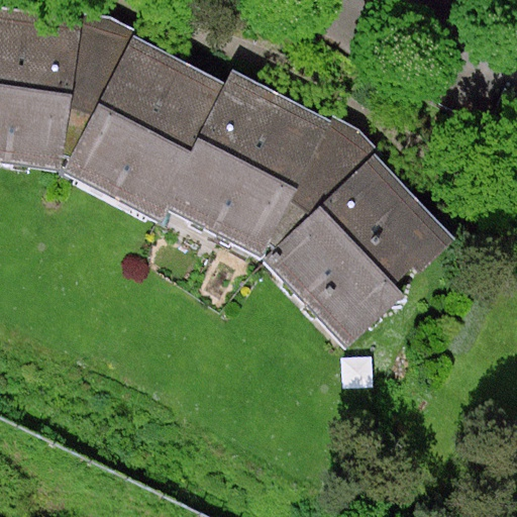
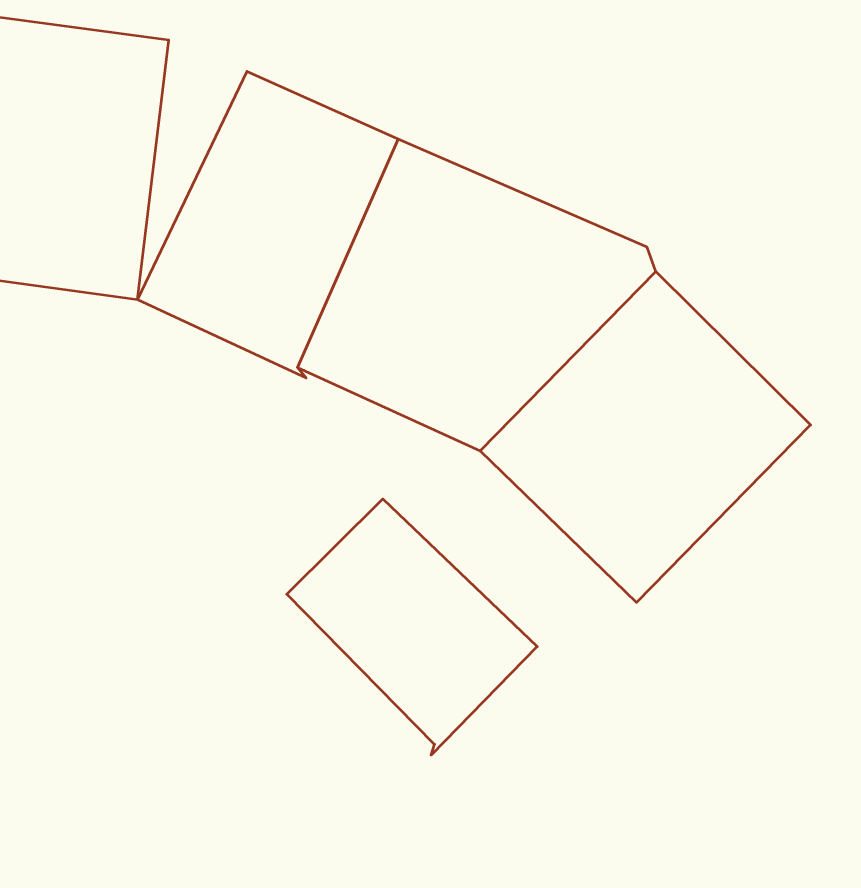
building: [80,24,143,175] -> none
building: none -> [287,499,537,755]

